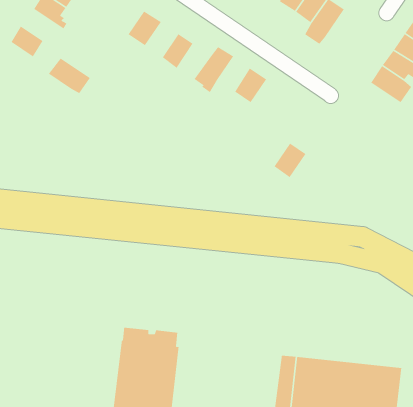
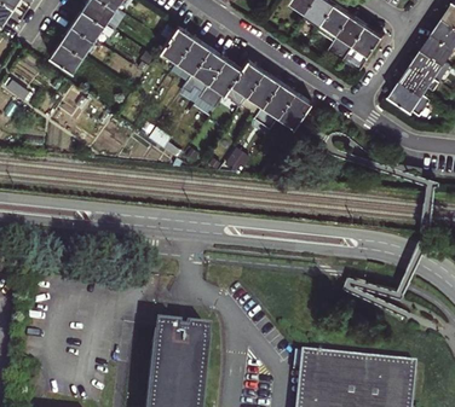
building: none -> [349,25,382,63]
building: none -> [177,37,208,71]
building: none -> [197,58,240,107]
building: none -> [246,70,276,104]
building: [48,57,91,94] -> [58,25,99,60]
building: [273,142,306,178] -> [277,92,309,126]

